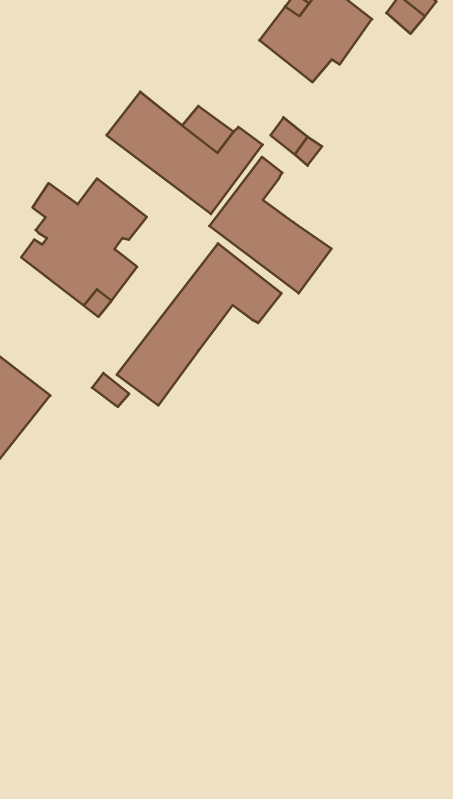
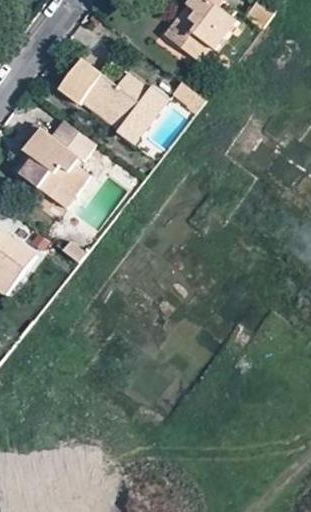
building: [209,157,331,293] -> none
building: [117,243,281,405] -> none

